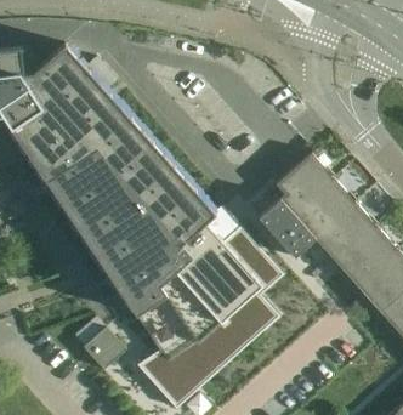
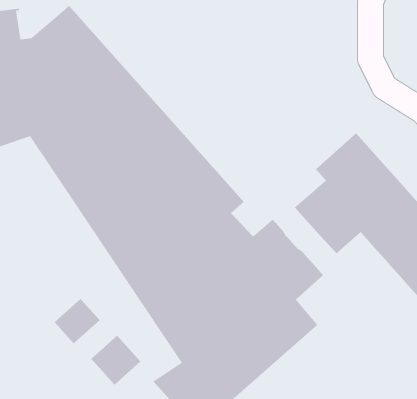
building: none -> [54,298,100,344]

